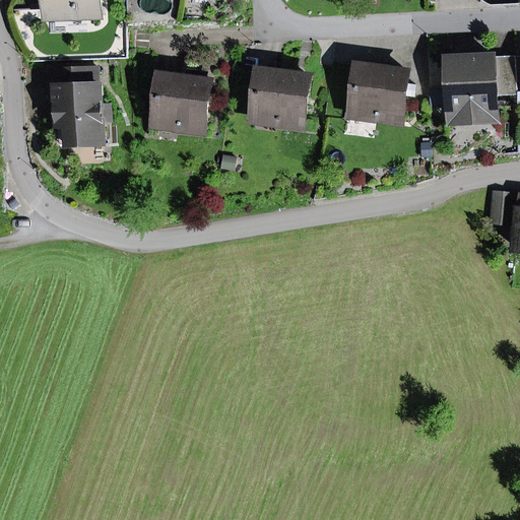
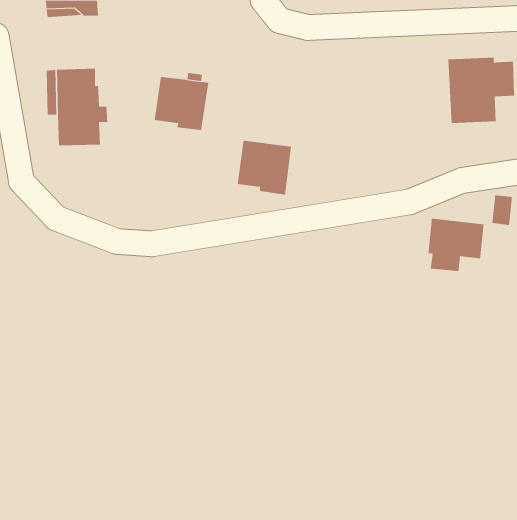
building: [350,67,405,122] -> none
building: [252,72,307,127] -> [237,140,292,195]
building: none -> [428,218,484,272]

